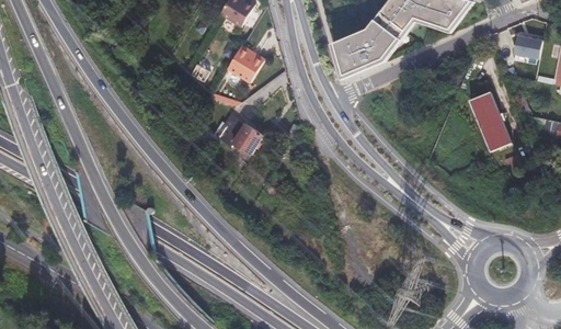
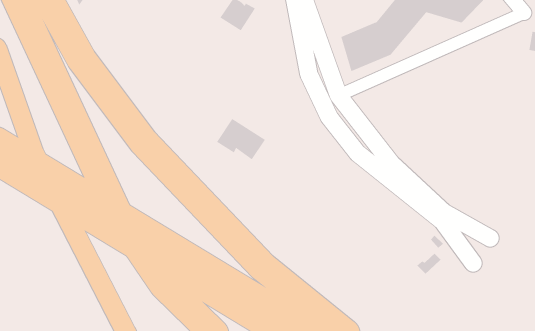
building: [225,52,260,86] -> none
building: [470,92,511,150] -> none

